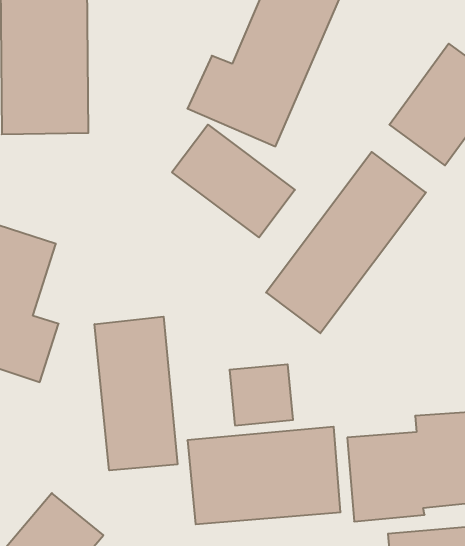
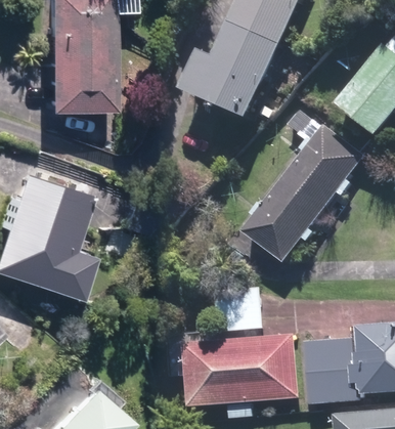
building: [172,125,295,237] -> none
building: [95,317,177,470] -> none

